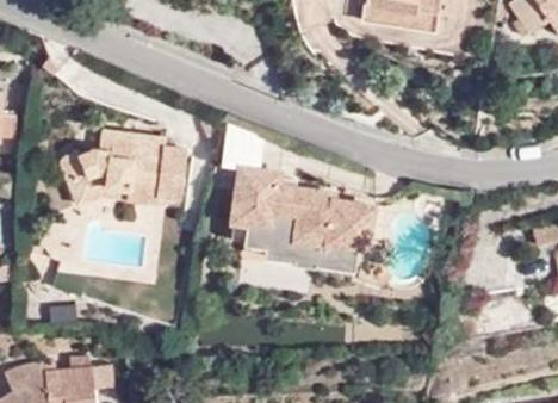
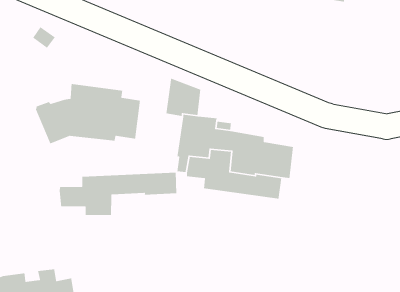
building: none -> [59,172,177,216]

